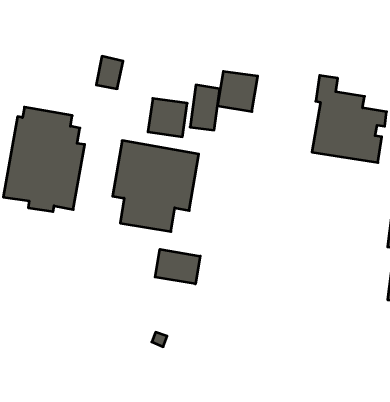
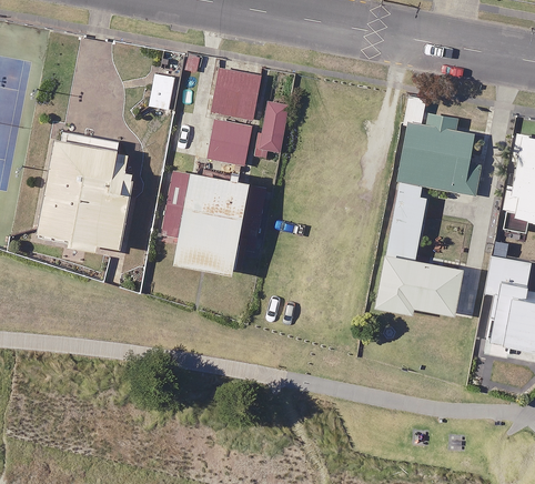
building: [217,71,258,112] -> [214,72,261,119]
building: none -> [377,183,470,316]
building: [155,249,200,284] -> none

